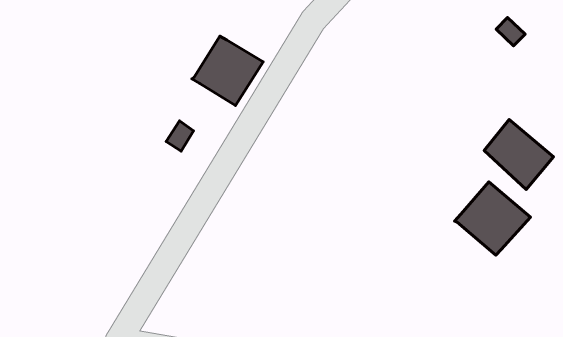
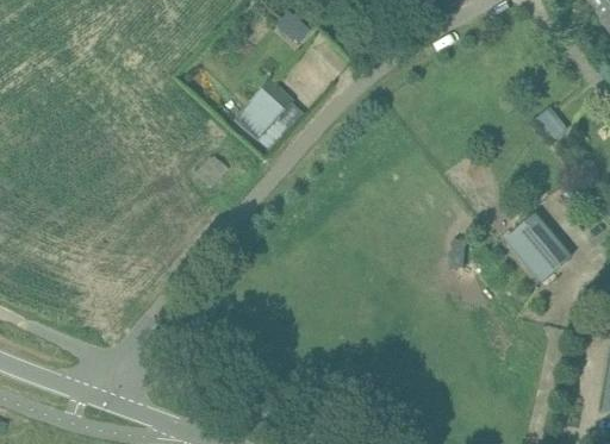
building: [454,182,530,255] -> none

